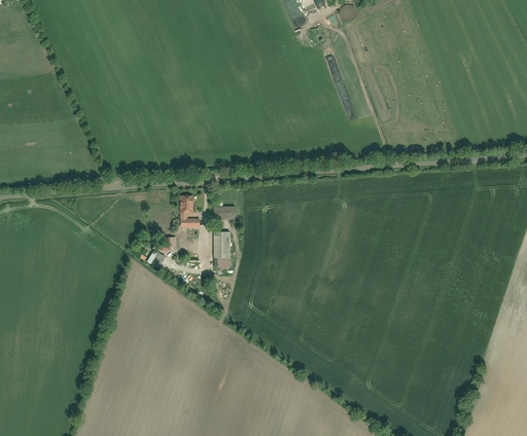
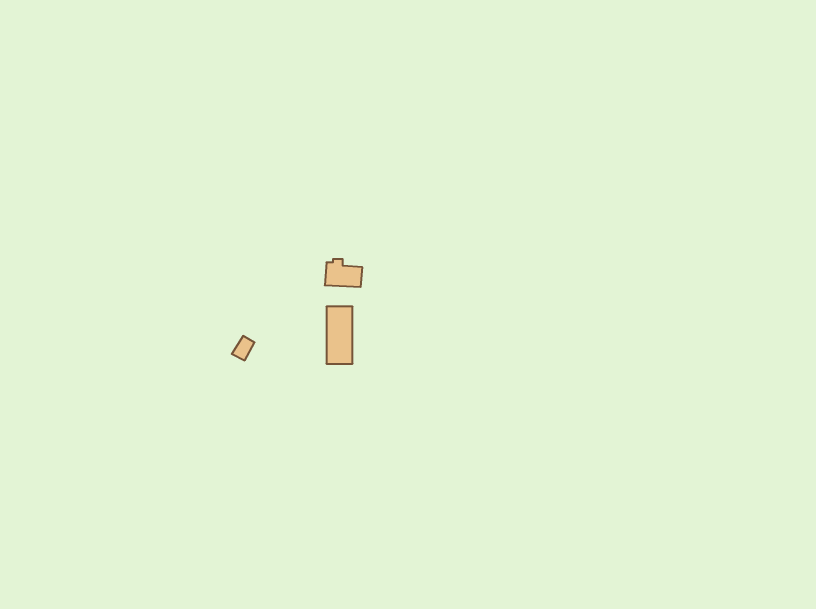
building: [180,193,200,226] -> none

